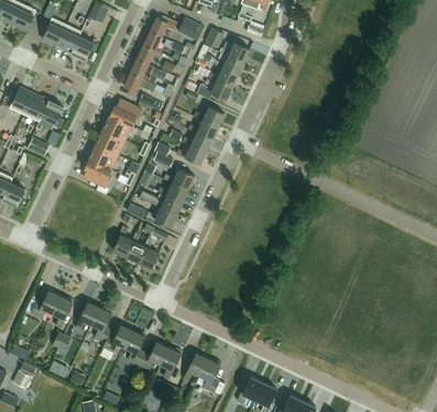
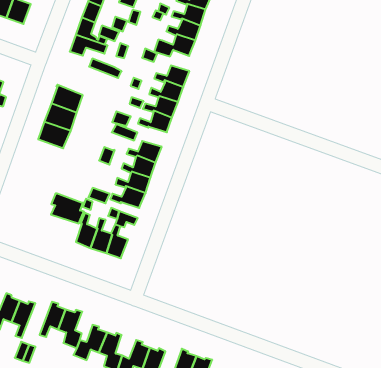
building: [110,99,142,125] -> none
building: [83,159,111,187] -> [51,194,84,224]

